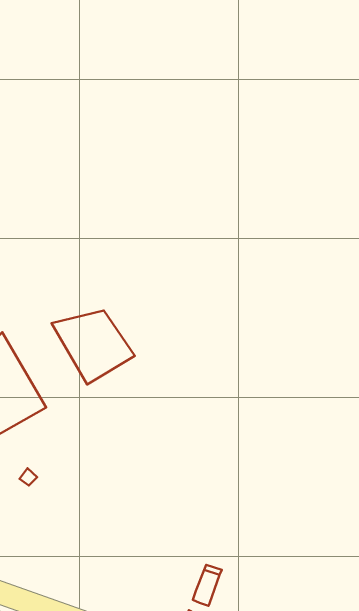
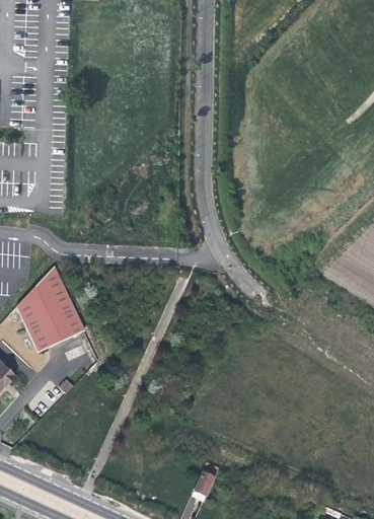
building: [51,311,135,385] -> none

